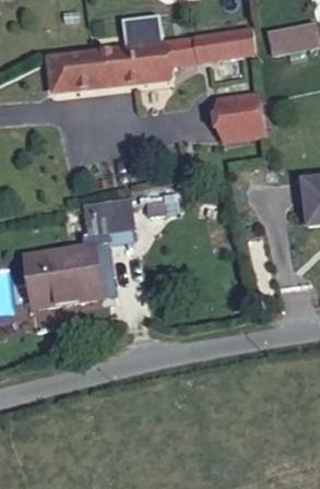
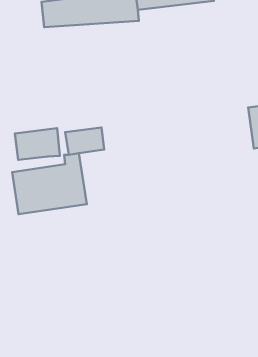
building: [216,98,263,139] -> none
building: none -> [15,128,60,160]

